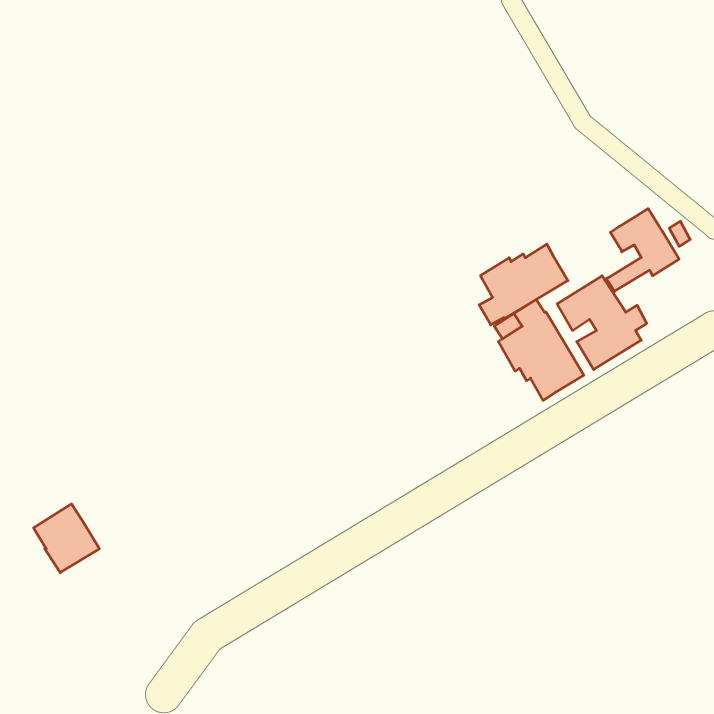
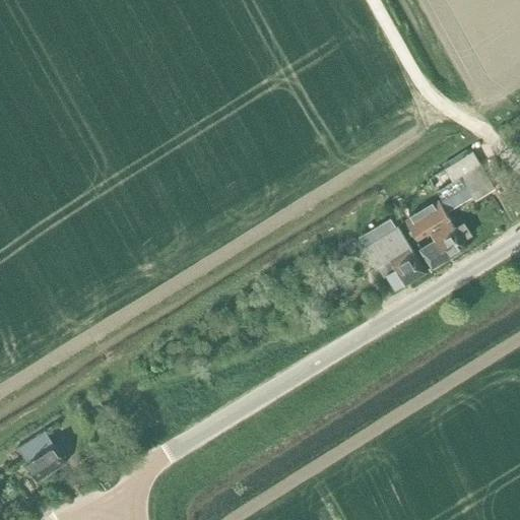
building: [479,244,568,325] -> none
building: [34,504,99,573] -> [16,431,64,480]

